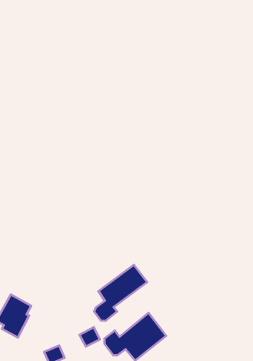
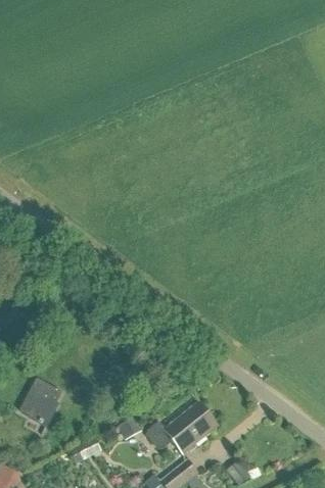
building: [94,265,147,321] -> none

